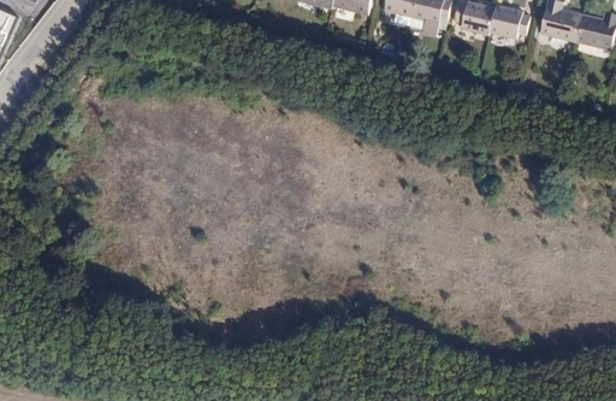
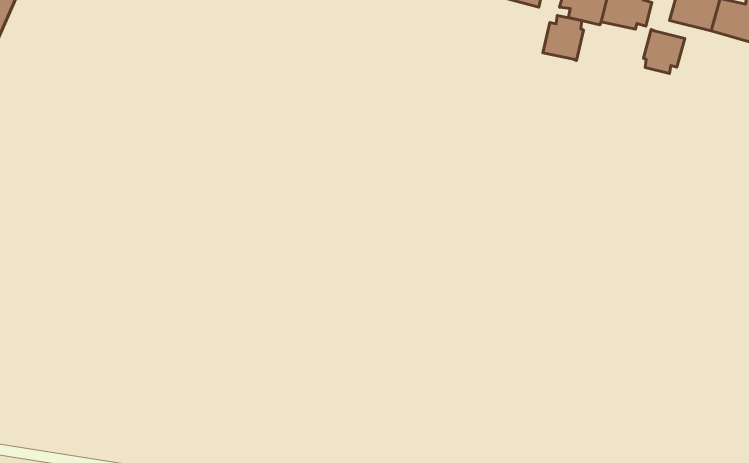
building: none -> [543,15,584,61]
building: none -> [643,30,685,74]

